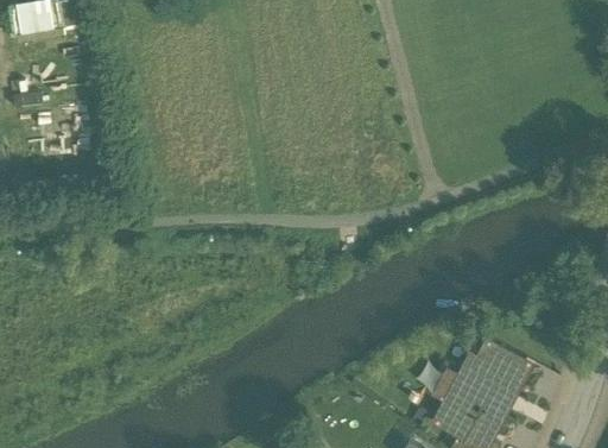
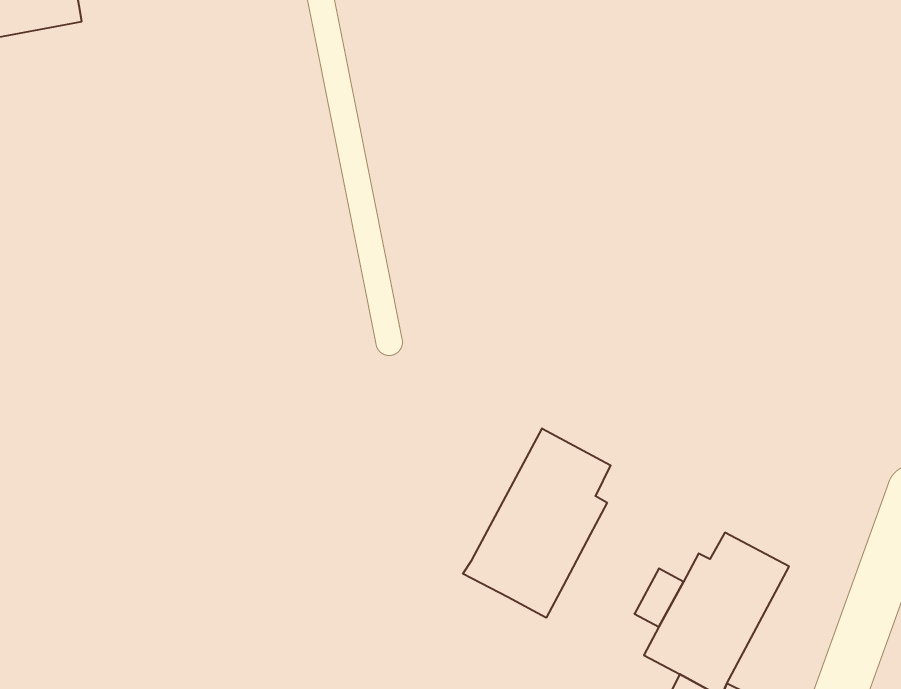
building: none -> [463,428,611,618]

